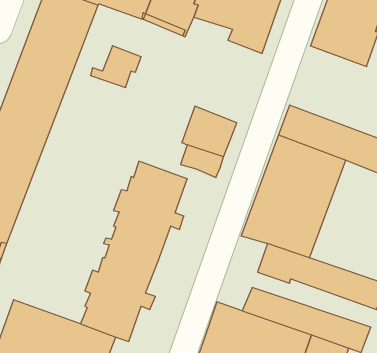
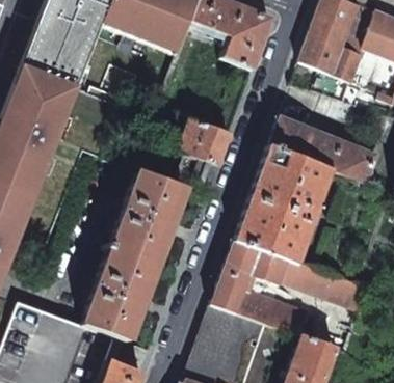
building: none -> [211,241,259,311]

